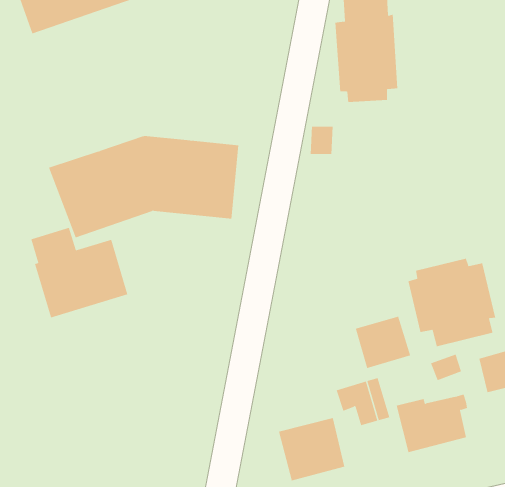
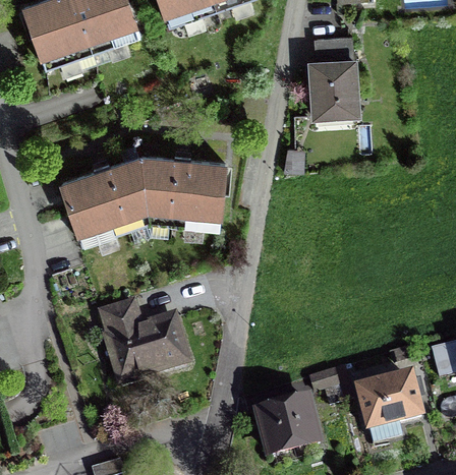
building: [30,227,128,318] -> [100,299,184,377]
building: [408,258,496,347] -> none
building: [355,316,411,369] -> none

